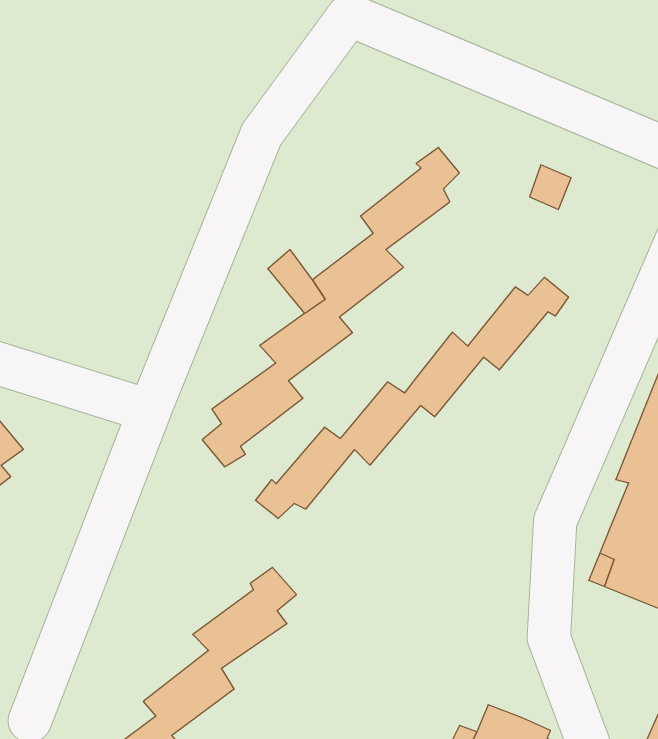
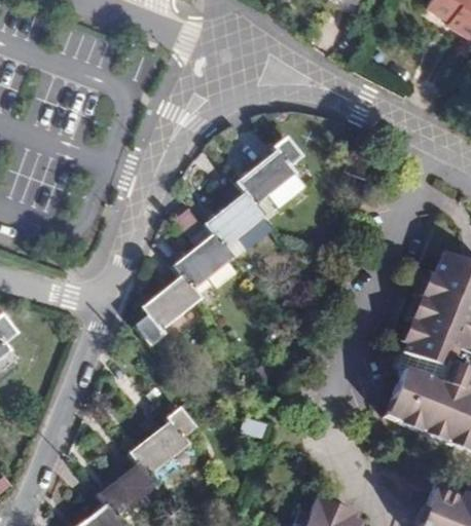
building: [255,277,568,519] -> none

